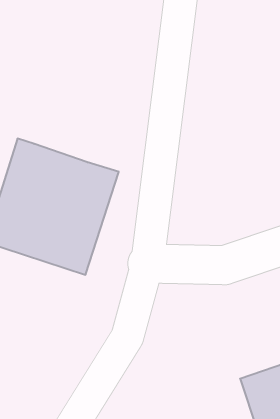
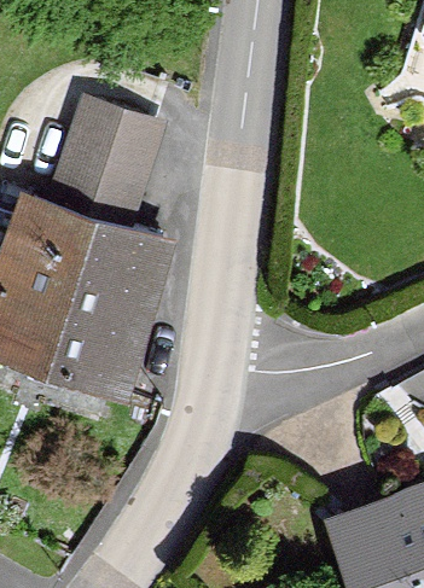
building: none -> [51,97,159,226]

